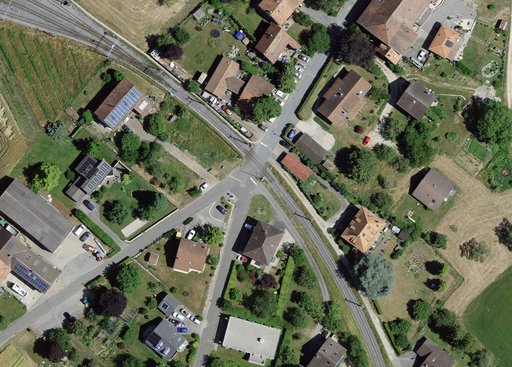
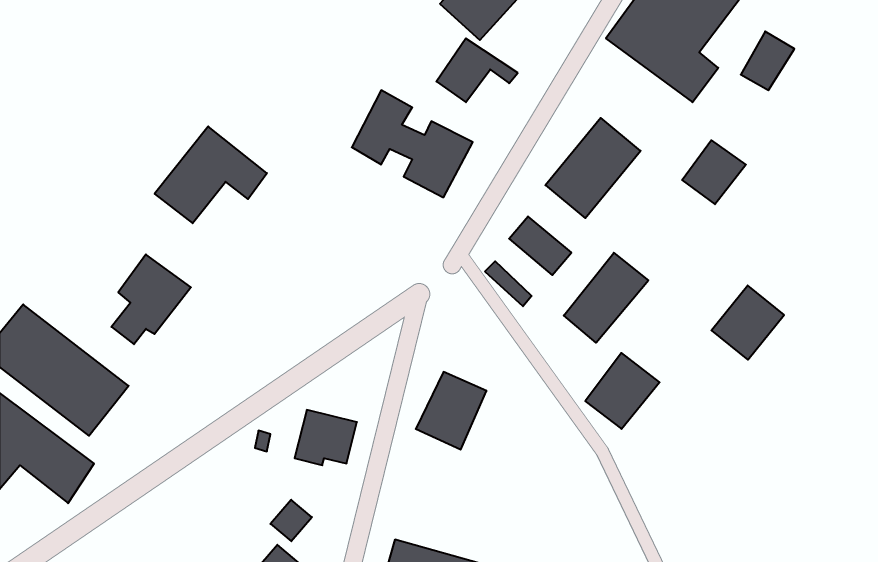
building: none -> [564,253,648,343]

